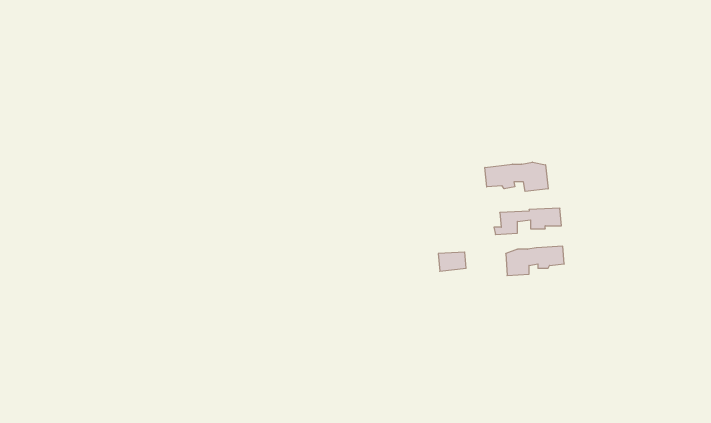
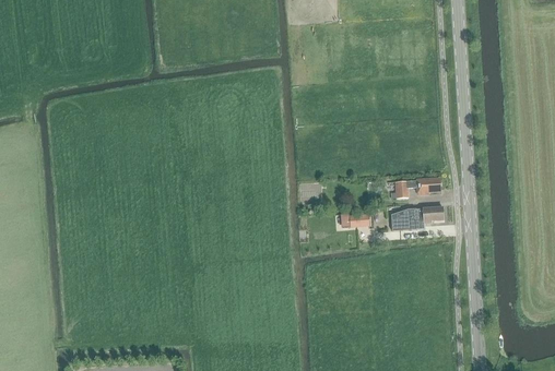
building: [485,162,548,191] -> none

